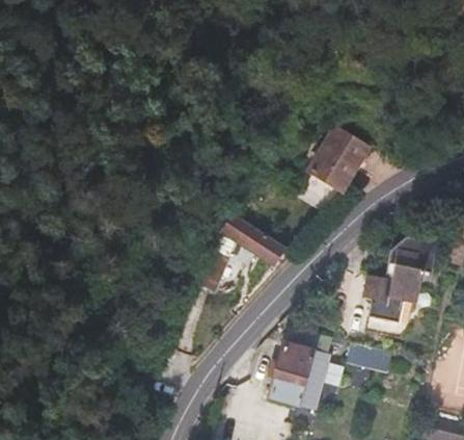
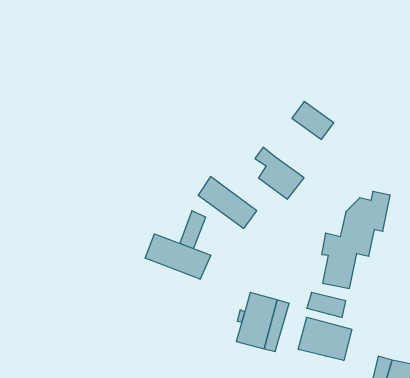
building: [307,136,362,195] -> [255,147,304,199]
building: none -> [145,234,211,279]
building: none -> [298,317,352,361]

